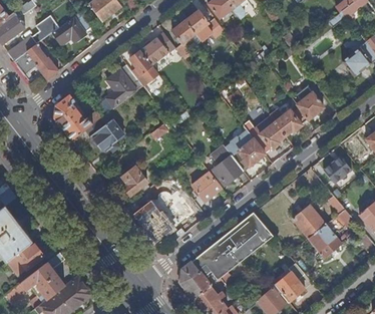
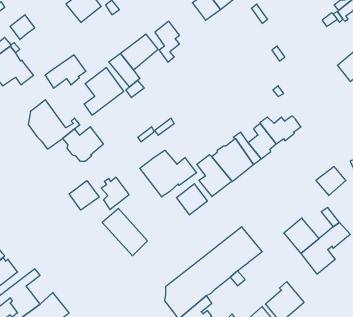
building: [184,11,224,38] -> none
building: [52,13,90,44] -> [45,55,86,88]
building: [296,87,323,120] -> none
building: none -> [140,150,196,197]
building: none -> [69,181,99,210]

